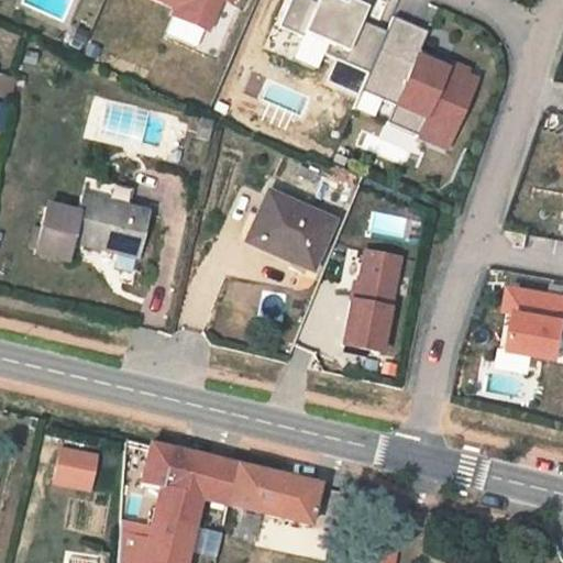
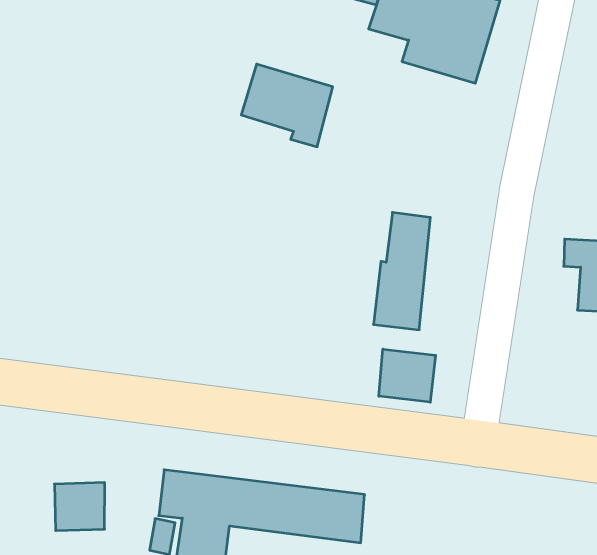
building: [252,192,332,268] -> [241,64,333,147]
building: [35,195,152,260] -> none
building: none -> [379,349,436,402]

